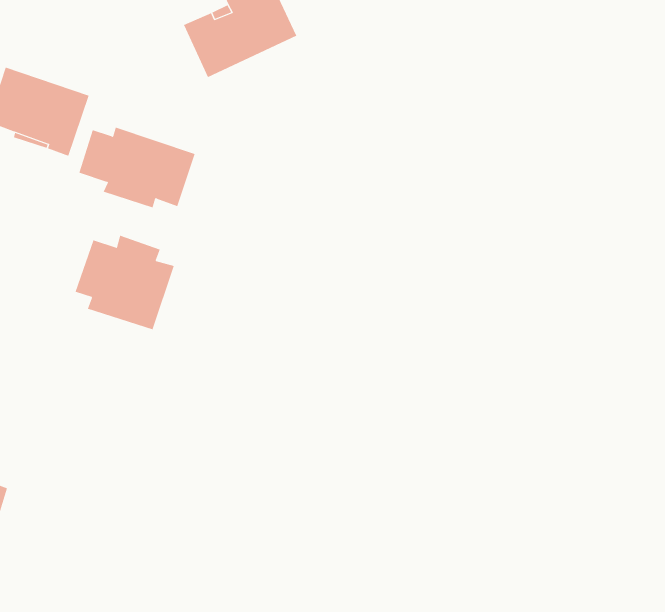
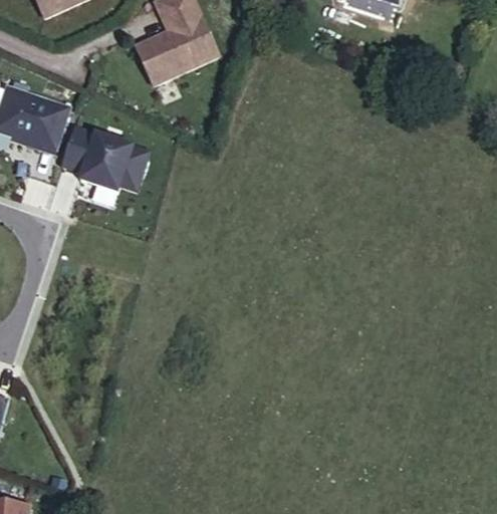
building: [75,235,174,330] -> none

